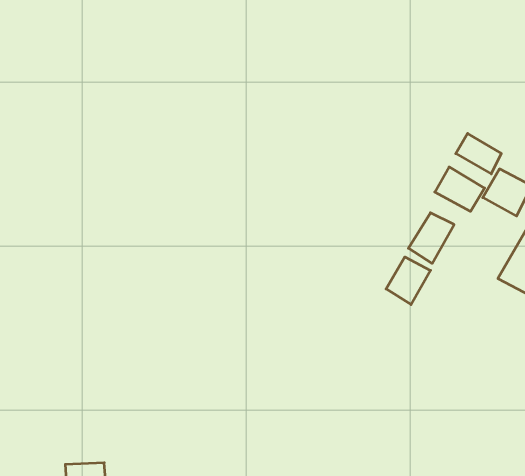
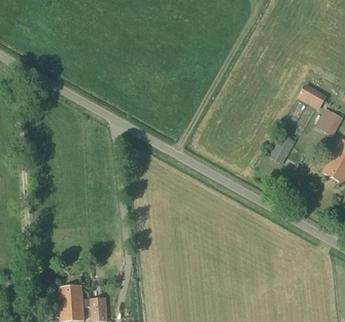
building: [435,167,485,211] -> none
building: [386,257,431,305] -> none

